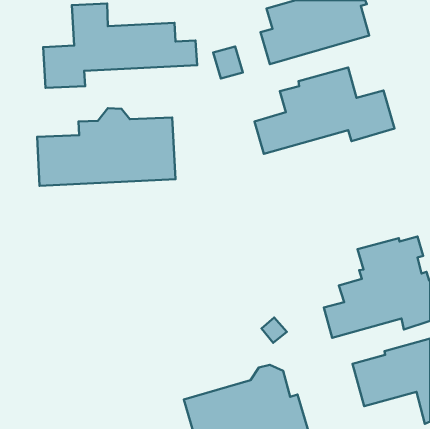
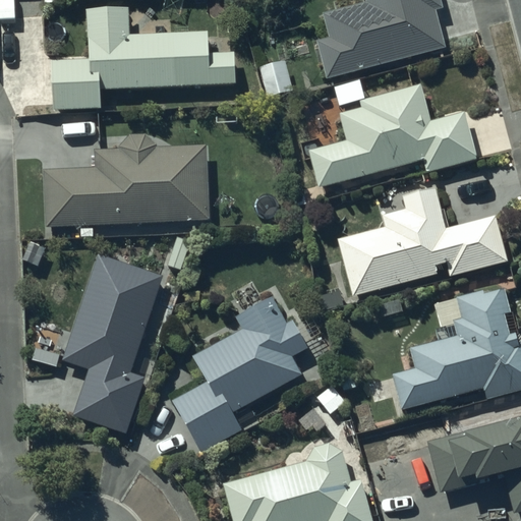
building: none -> [337,188,508,296]
building: none -> [63,254,164,433]
building: none -> [172,297,307,452]

